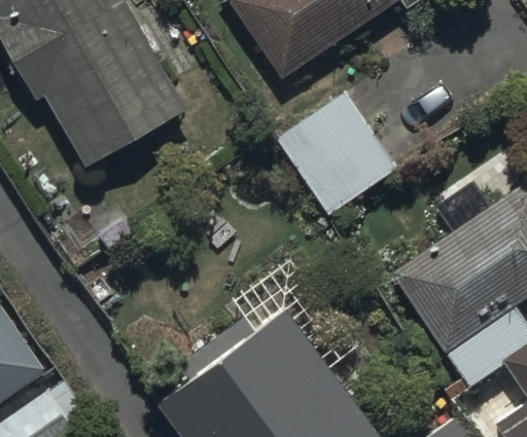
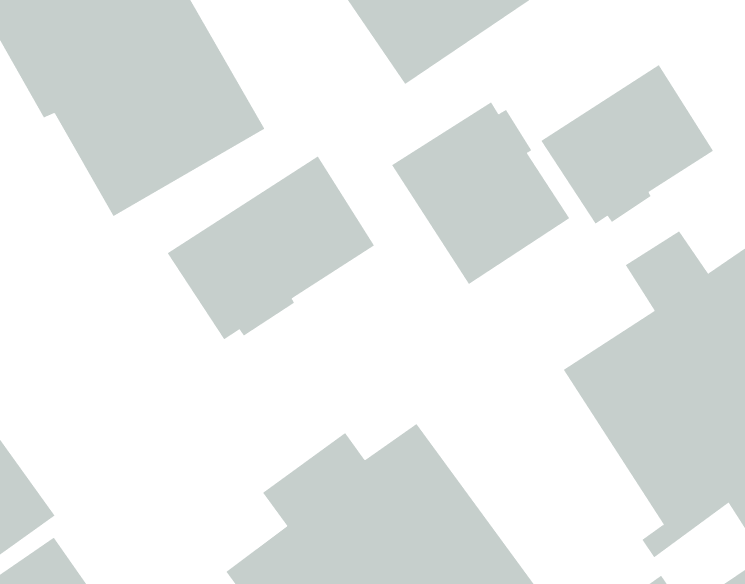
building: none -> [540,64,714,224]
building: none -> [167,155,375,340]

